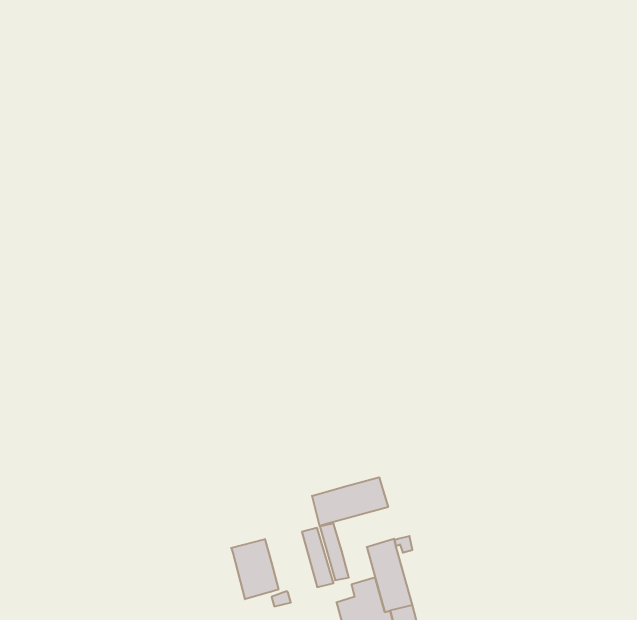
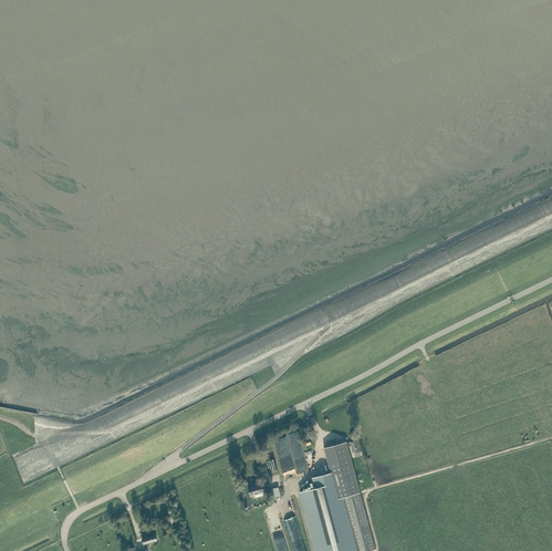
building: [312,477,388,526] -> none
building: [231,539,278,599] -> none

